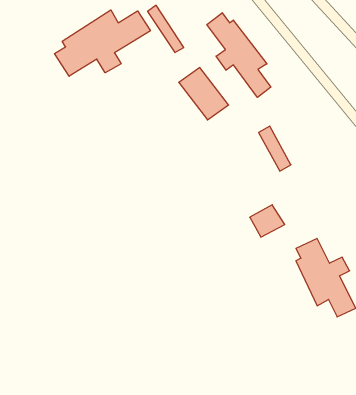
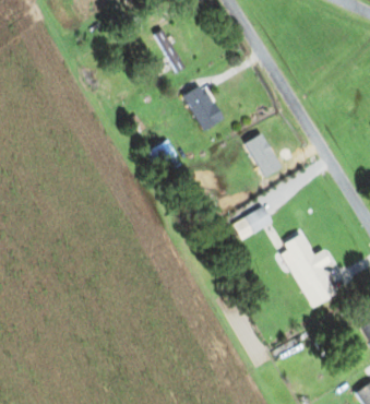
building: [55,10,150,76] -> none
building: [207,13,271,97] -> none

